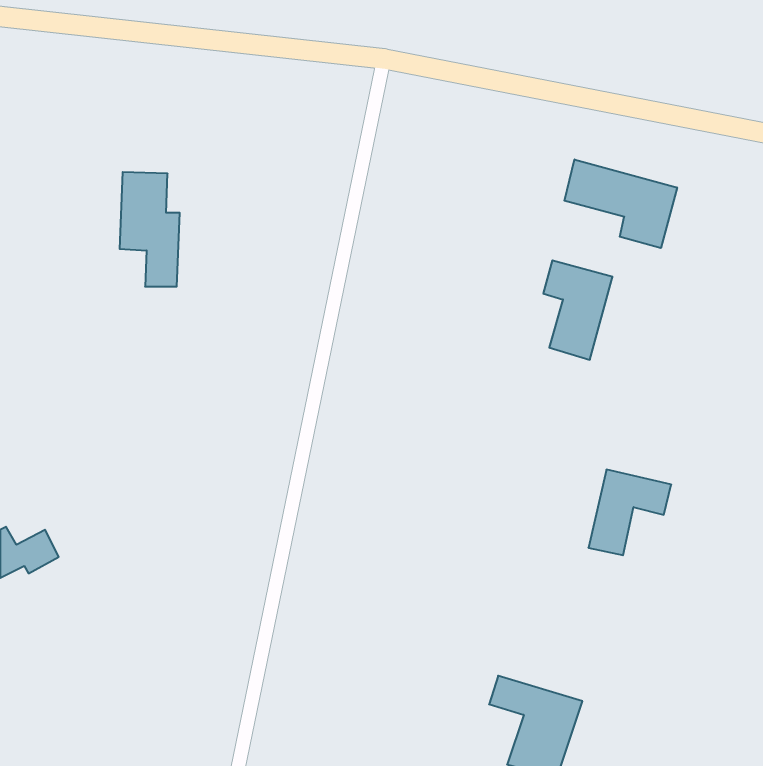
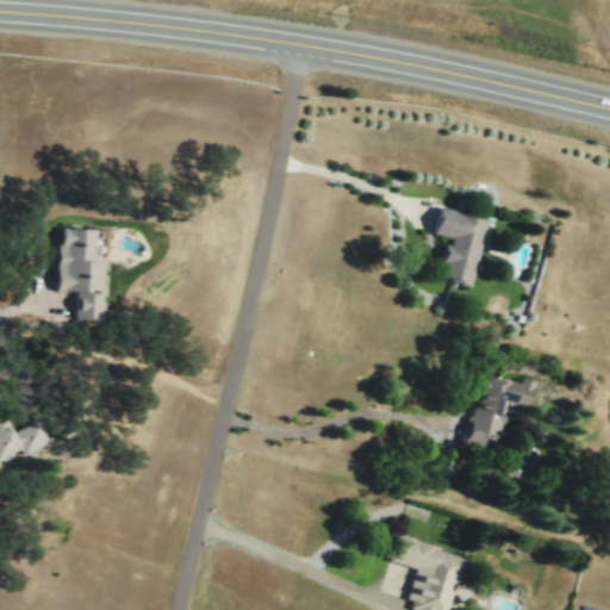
building: [564,159,677,248] -> none
building: [120,172,180,287] -> [60,231,107,322]

